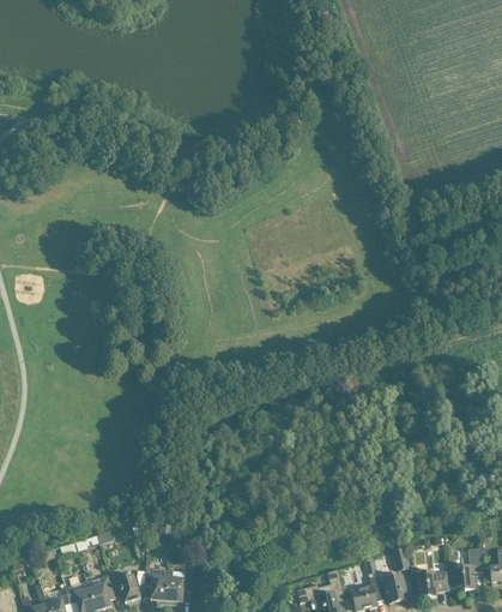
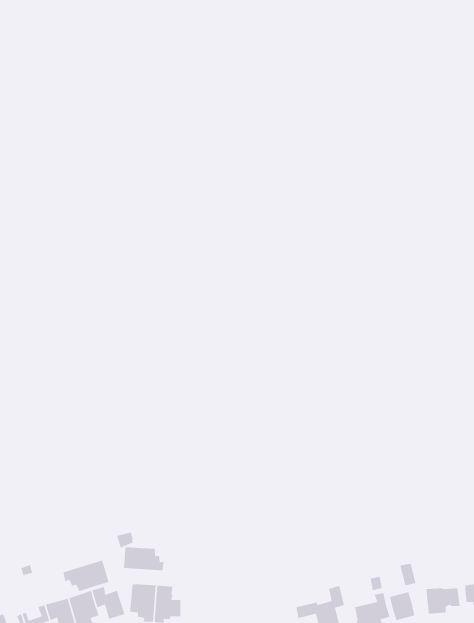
building: none -> [123,547,165,571]
building: none -> [63,560,109,592]

